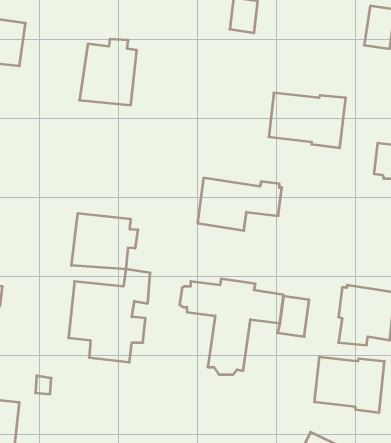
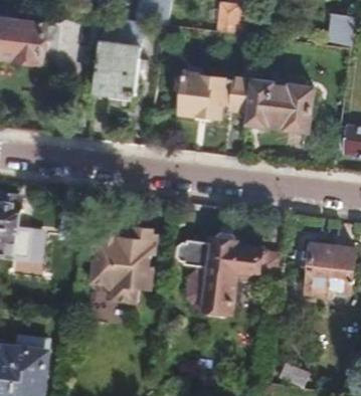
building: [198,178,282,231] -> [180,74,249,118]
building: [72,213,138,269] -> none
building: [314,357,384,413] -> none

